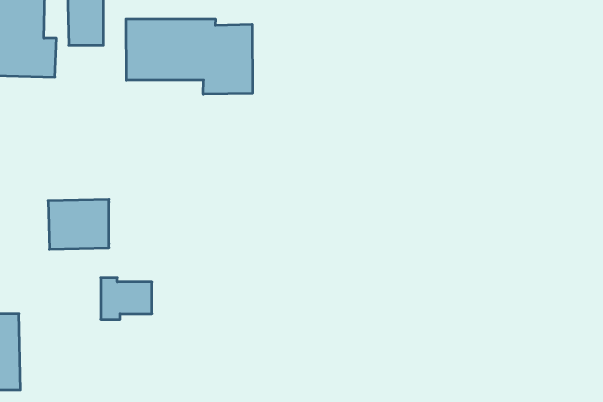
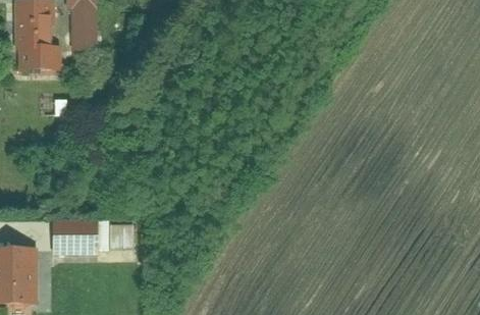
building: [126,19,252,94] -> none
building: [48,199,109,249] -> [51,218,96,255]

